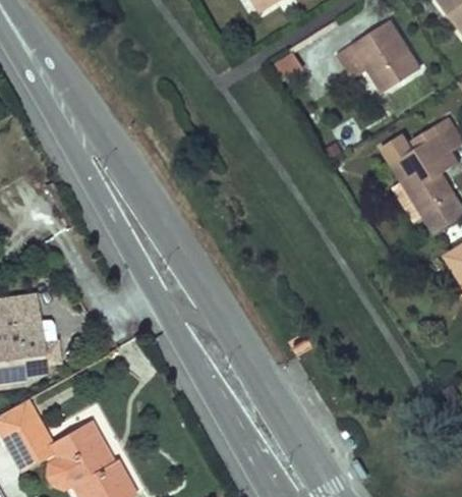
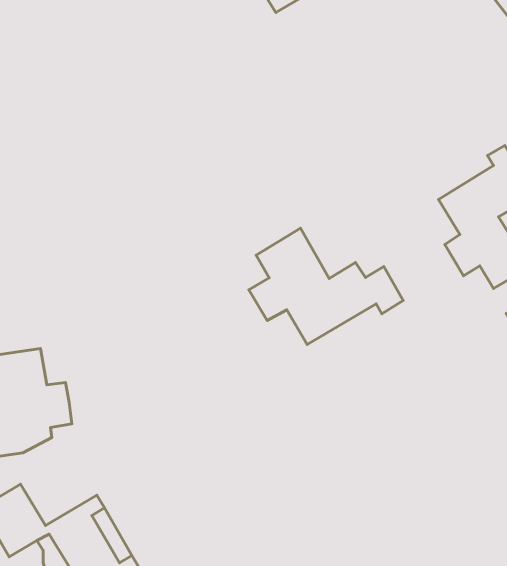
building: [319,24,408,99] -> none
building: none -> [249,228,403,344]

